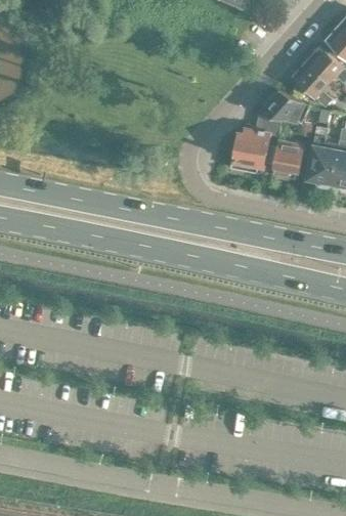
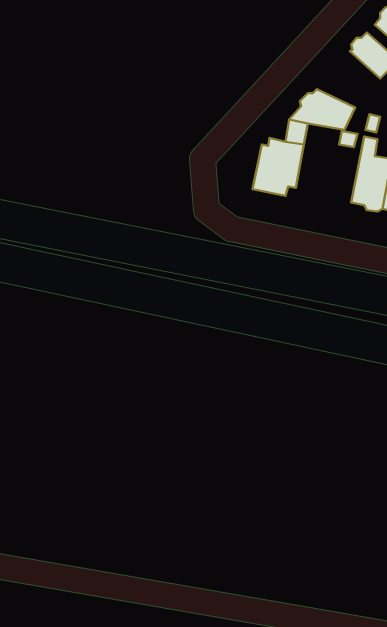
building: [293,61,331,106] -> none
building: [271,142,304,180] -> none

